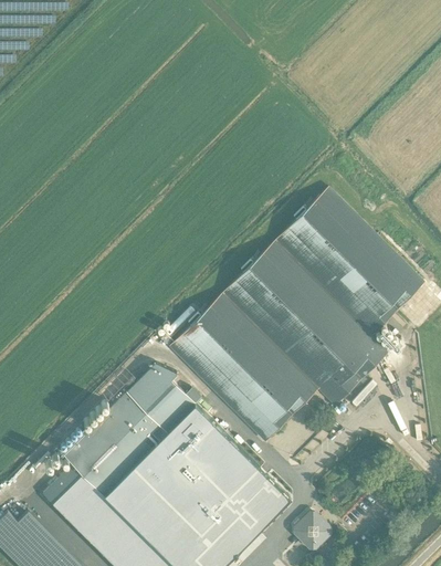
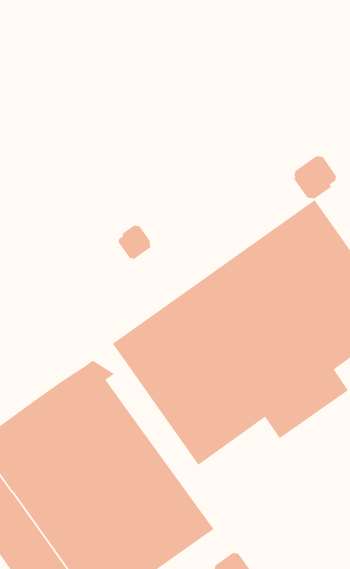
building: none -> [293,155,337,199]
building: none -> [118,225,152,260]

